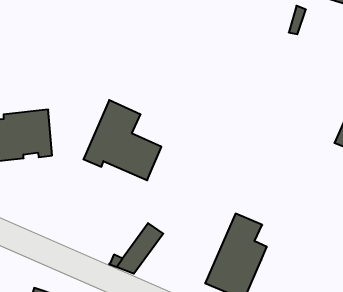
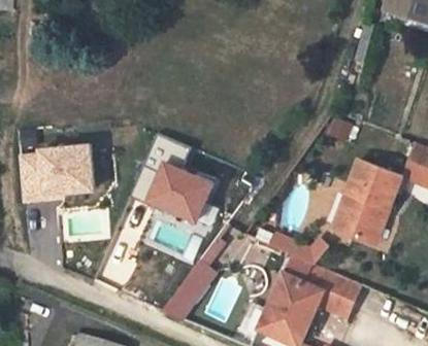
building: none -> [335,162,402,240]
building: none -> [316,267,366,317]

